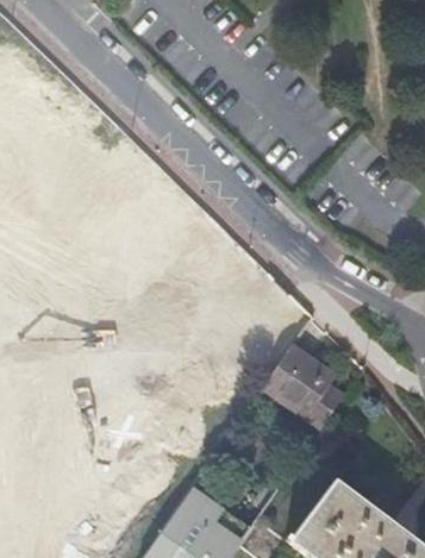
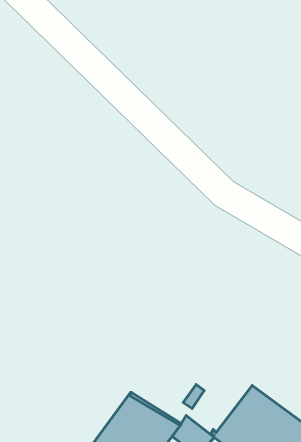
building: [267,347,348,428] -> none

